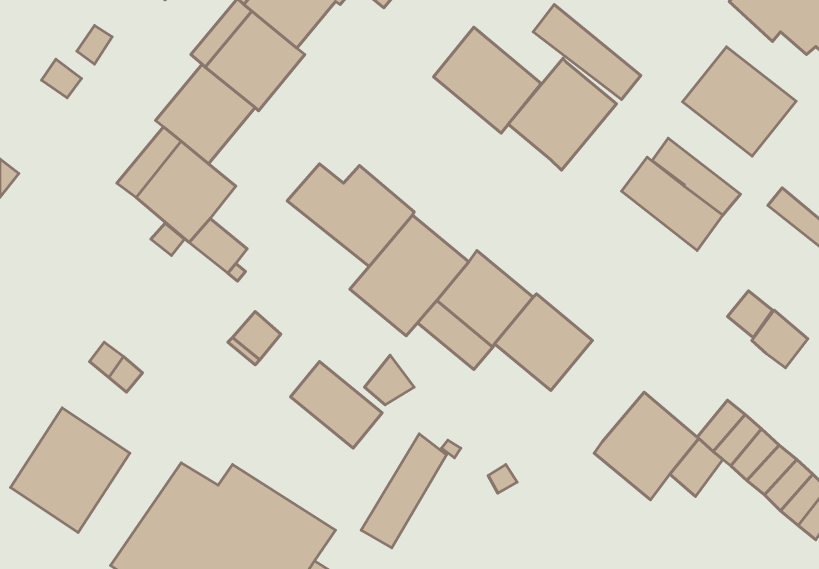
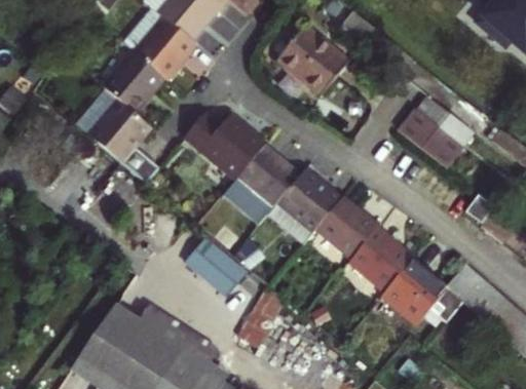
building: [682,47,796,156] -> none
building: [508,58,617,170] -> none
building: none -> [351,228,414,290]
building: [11,408,130,533] -> none

